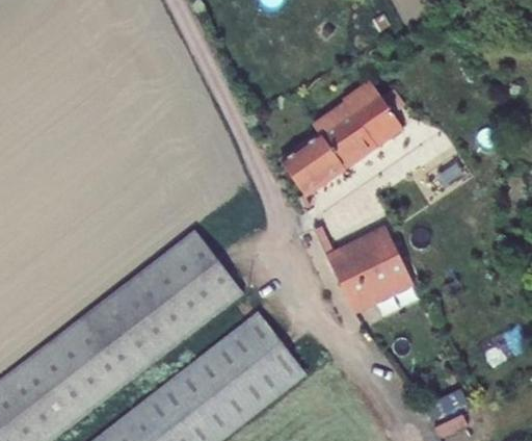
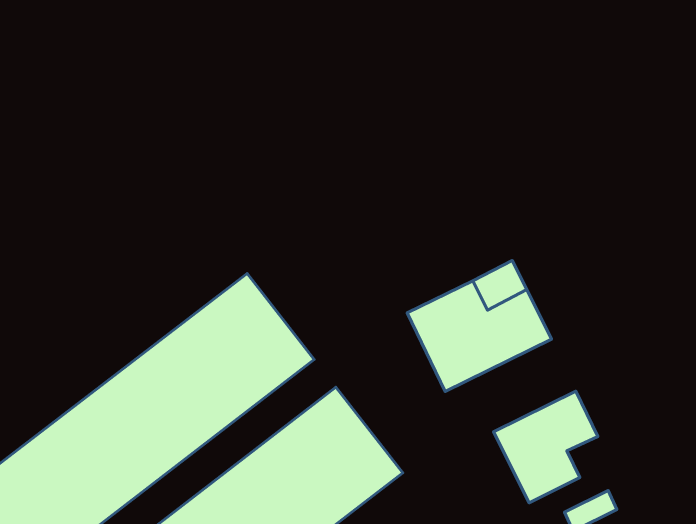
building: [280,80,403,197] -> none
building: none -> [494,391,598,503]

